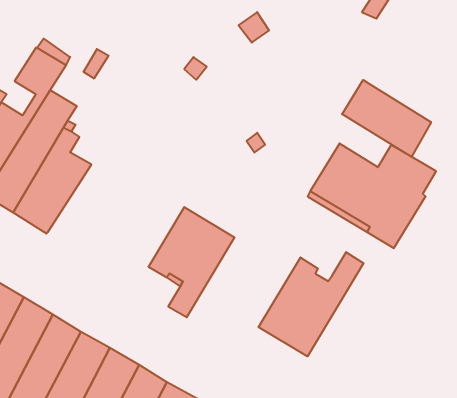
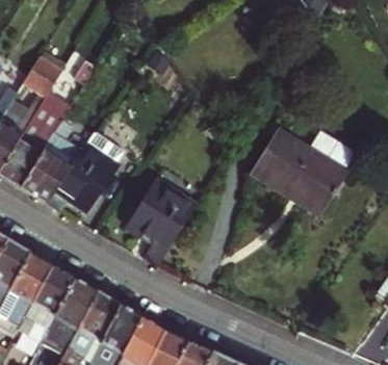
building: [342,80,431,157] -> none
building: none -> [48,130,123,209]
building: [259,252,364,356] -> none

